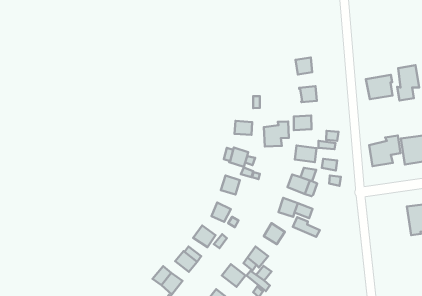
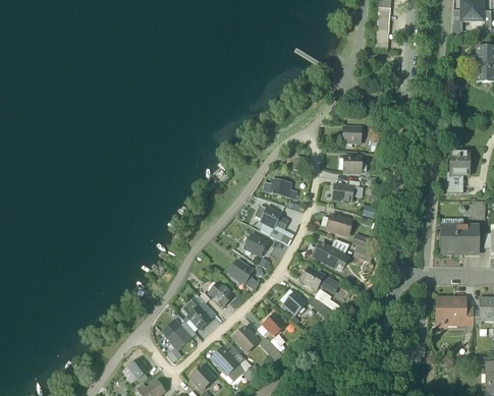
building: [366,75,393,99] -> none
building: [264,121,289,147] -> none
building: [369,136,401,166] -> none

